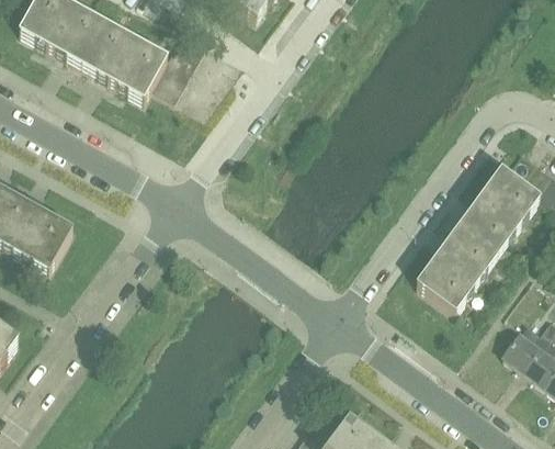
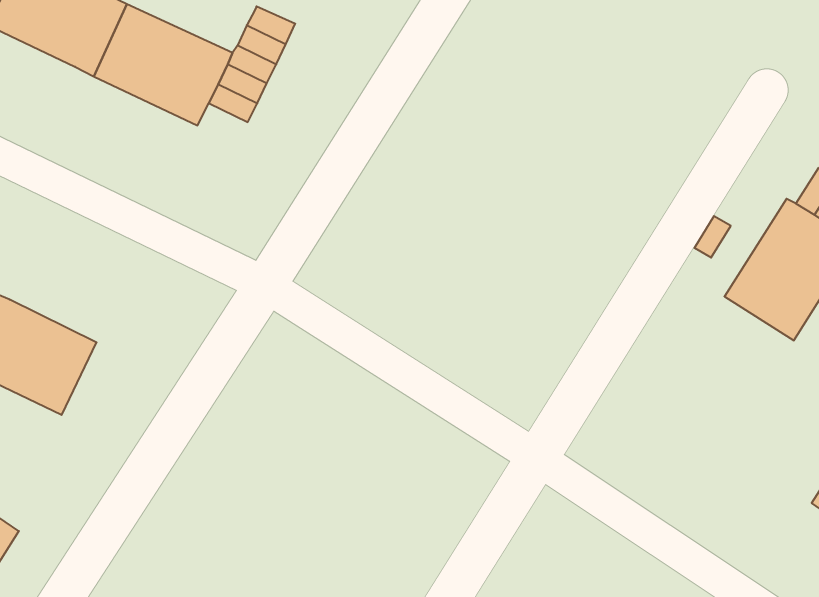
building: [415,222,498,310] -> none

